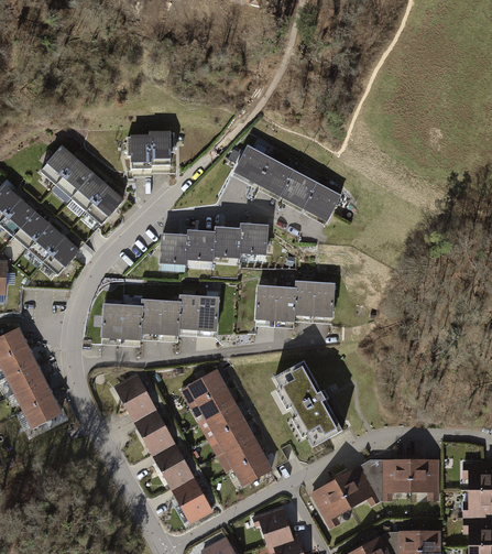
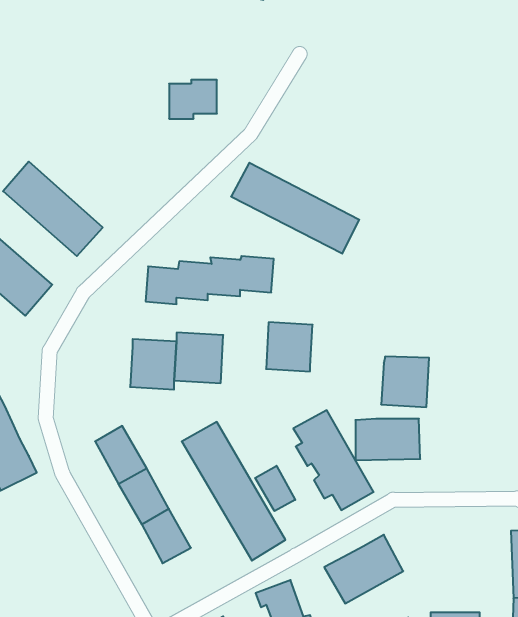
building: [125,133,166,166] -> [169,80,217,119]
building: [295,280,336,323] -> [381,357,429,407]
building: [105,302,144,346] -> none
building: none -> [255,466,295,511]
building: [381,457,436,492] -> [355,419,420,460]
building: [170,475,214,523] -> none

